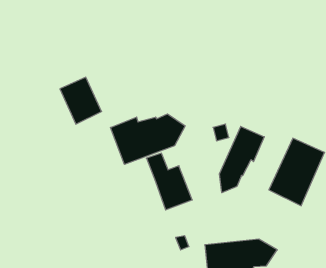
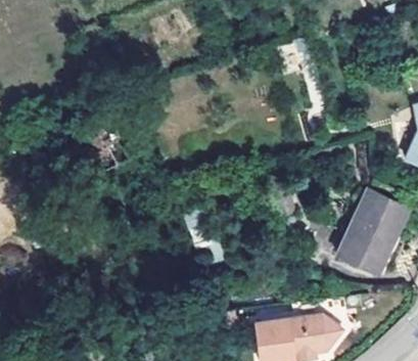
building: [111,114,185,164] -> none
building: [220,126,264,193] -> none

